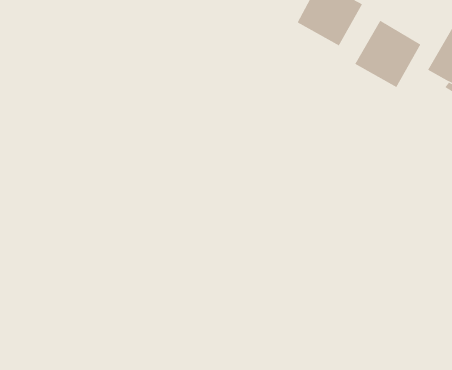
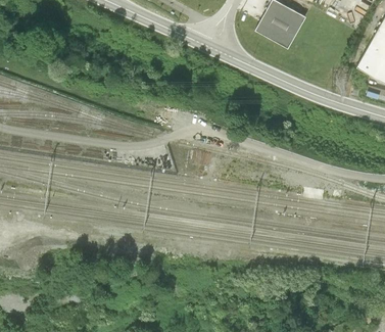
building: [354,20,421,88] -> none

